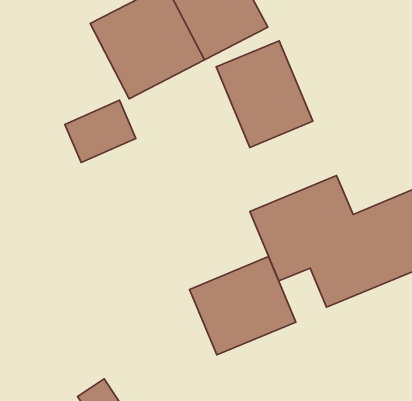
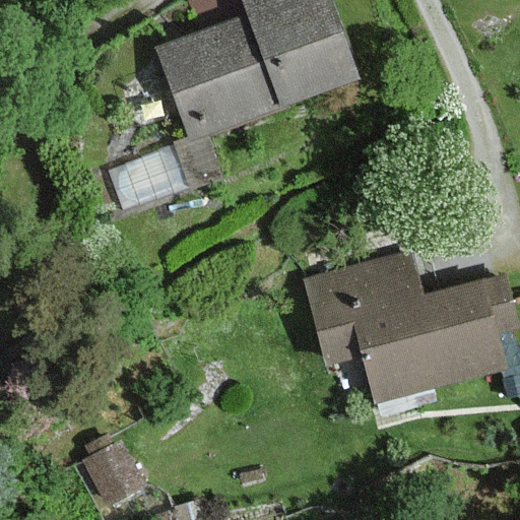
building: [216,41,313,148] -> none
building: [190,257,296,355] -> none

